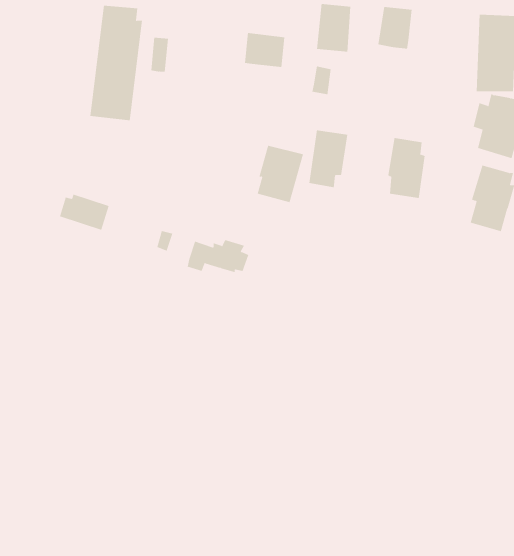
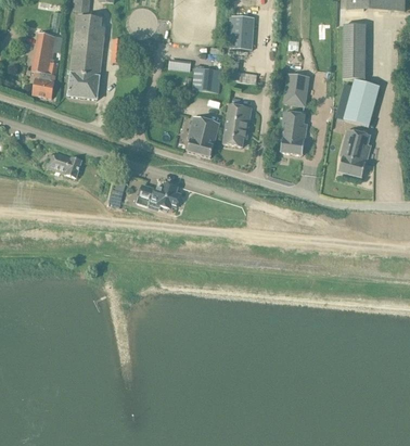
building: [377,7,412,49] -> [283,75,308,105]
building: none -> [31,33,57,98]
building: [244,33,285,68] -> [192,67,221,92]

